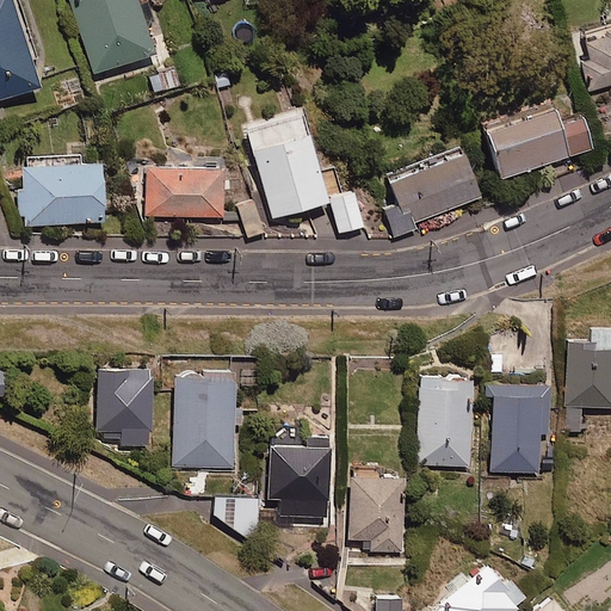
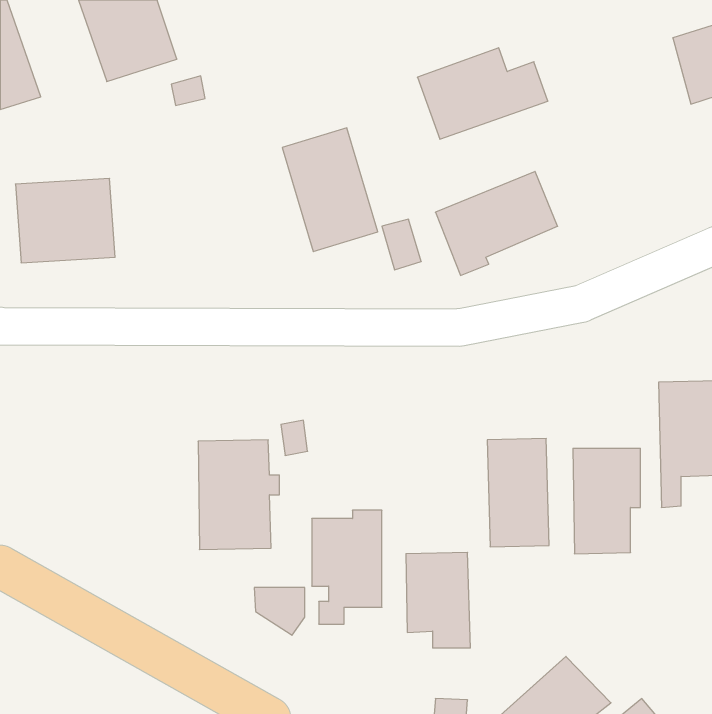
building: [480,101,591,179] -> [417,48,548,139]
building: [147,169,224,220] -> none
building: [95,368,153,449] -> none

